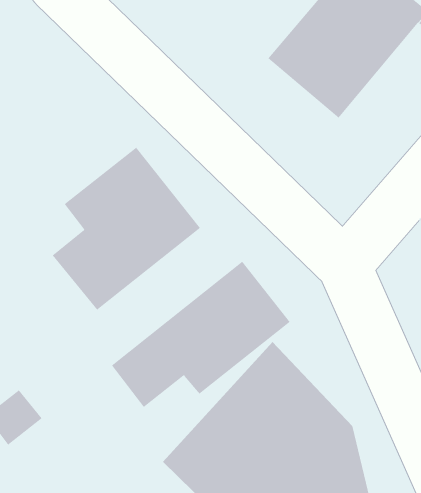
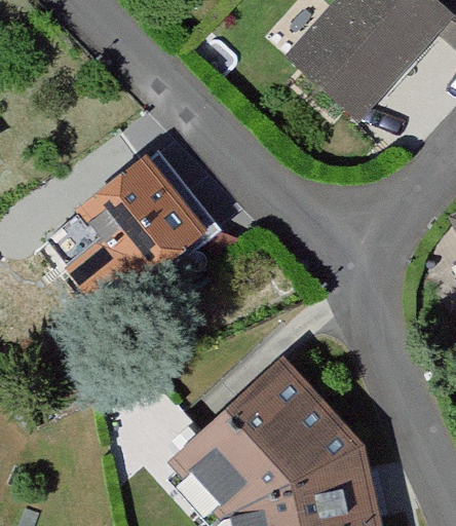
building: [111,261,290,408] -> none

